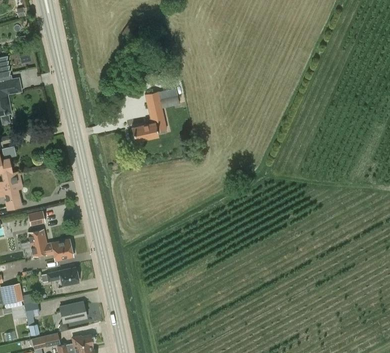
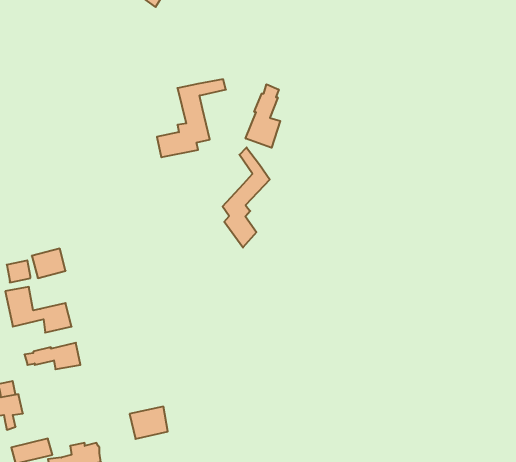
building: none -> [246,84,280,148]
building: none -> [223,147,270,248]
building: [59,301,85,323] -> [130,407,168,439]

